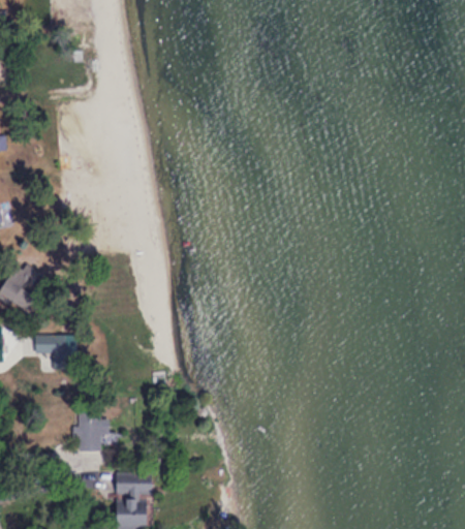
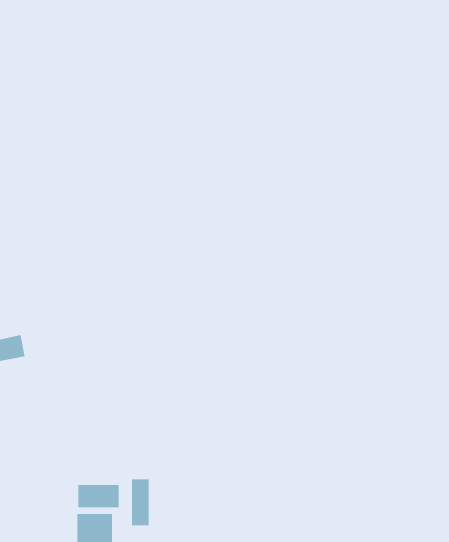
building: [80,402,113,452] -> none
building: none -> [131,478,149,526]

